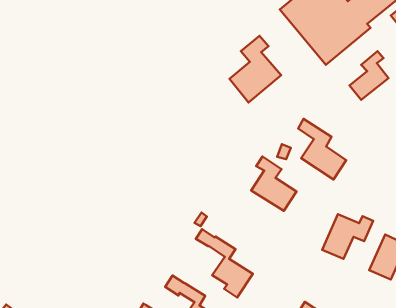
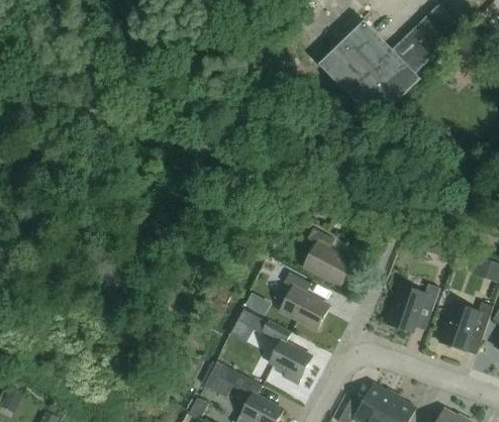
building: [230,36,281,102] -> none
building: [349,51,389,100] -> none
building: [298,119,346,179] -> [274,267,329,330]

